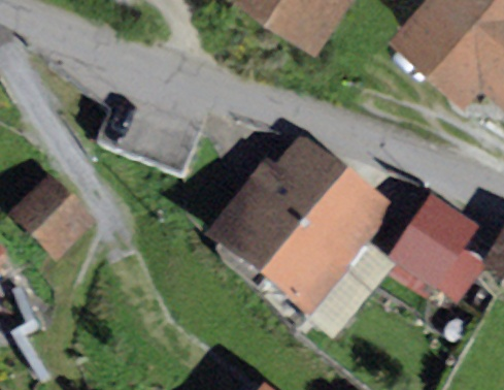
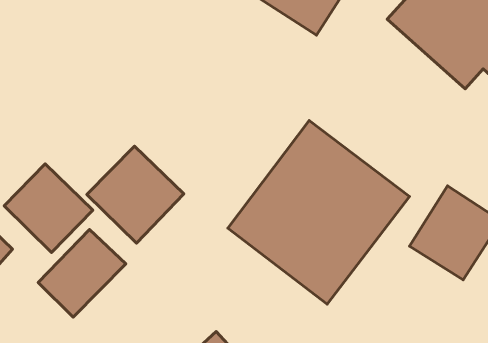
building: none -> [87,146,184,243]
building: none -> [38,229,126,317]

